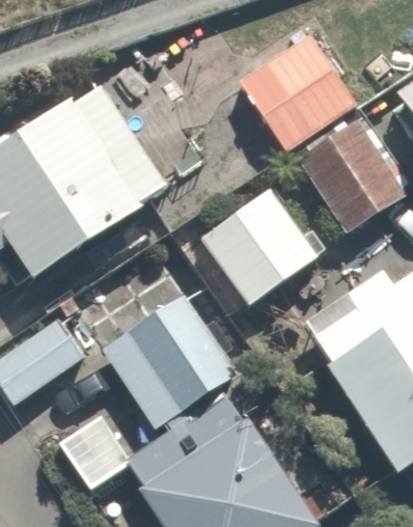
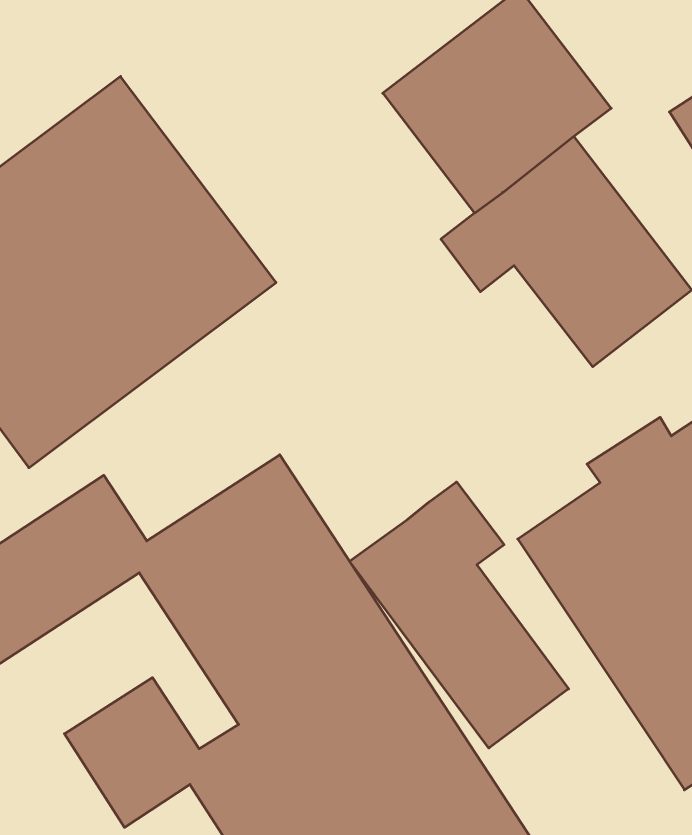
building: [203,189,320,304] -> none
building: none -> [349,482,569,748]

